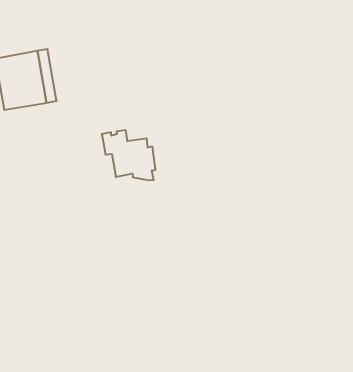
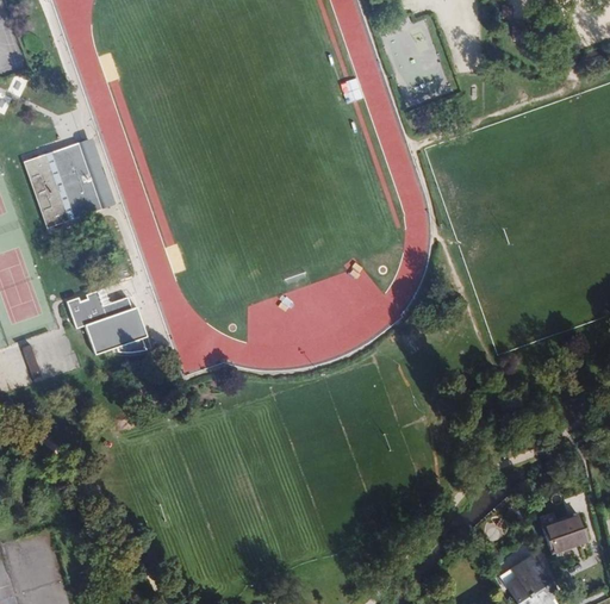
building: [102,130,156,180] -> [67,291,147,355]

